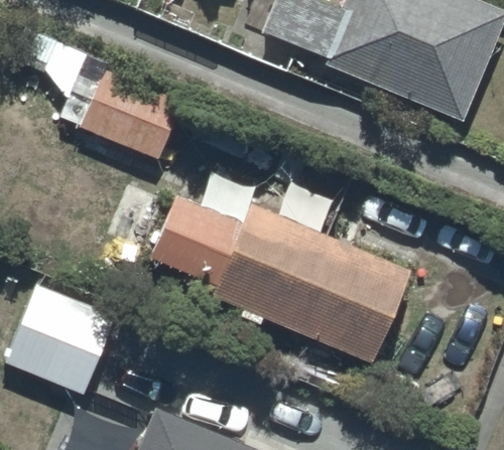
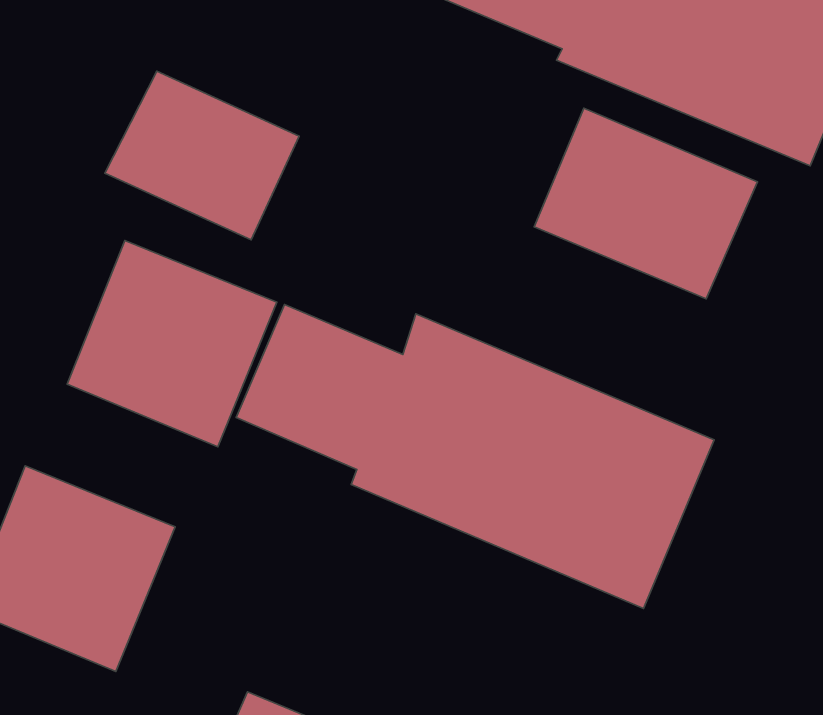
building: none -> [534,108,757,299]
building: none -> [67,241,277,447]

